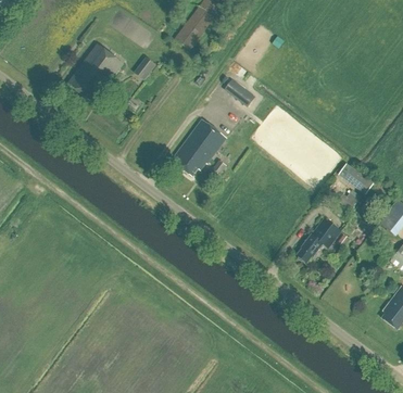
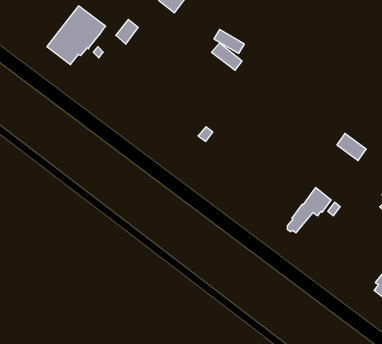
building: [175,118,227,175] -> none

